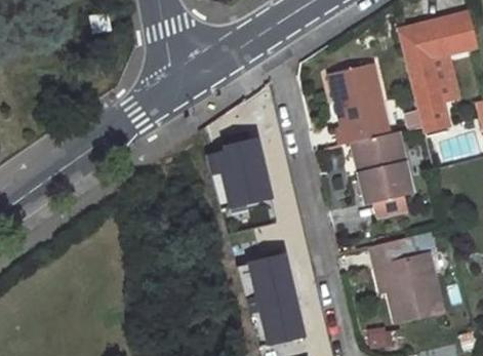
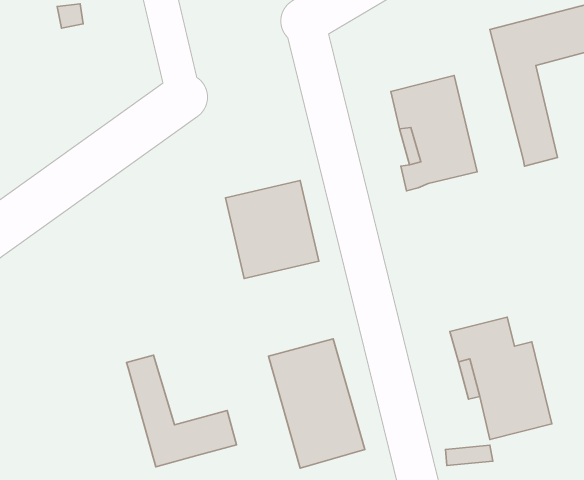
building: [355,132,409,219] -> none
building: none -> [126,355,236,467]

